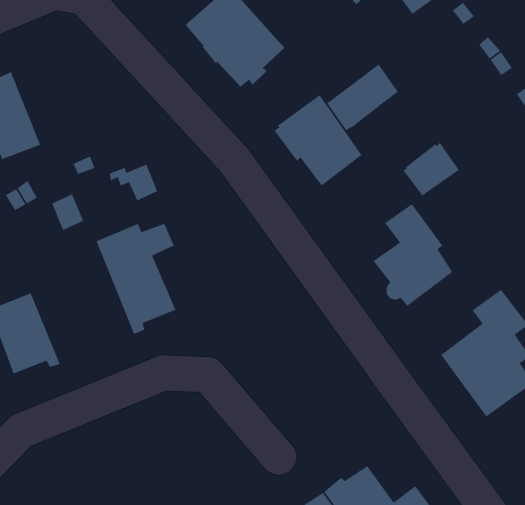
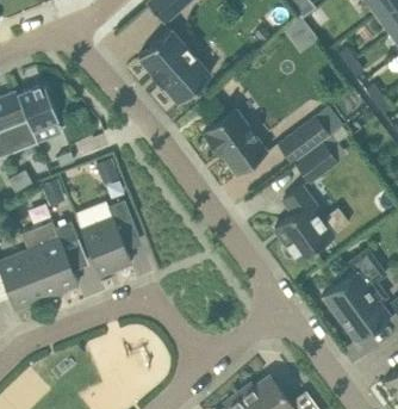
building: none -> [13,85,58,145]
building: [326,64,399,131] -> [278,116,330,165]
building: none -> [23,222,79,304]

